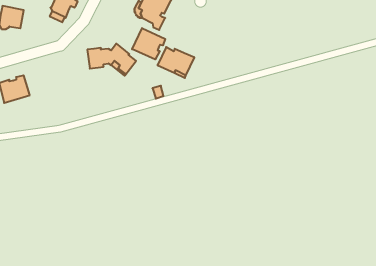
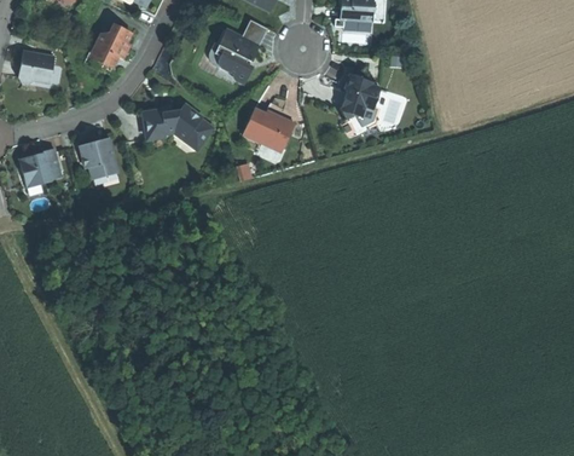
building: none -> [340,74,379,120]
building: [132,28,165,59] -> none
building: none -> [79,138,116,179]

